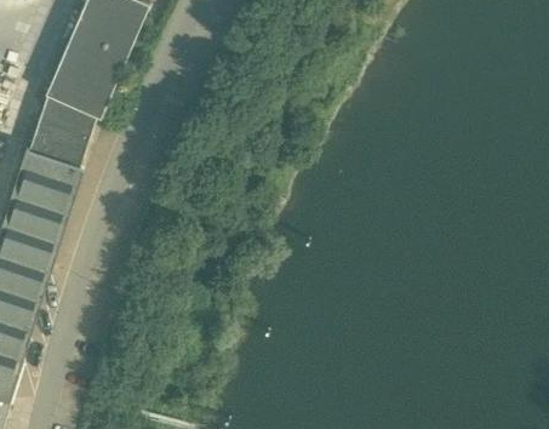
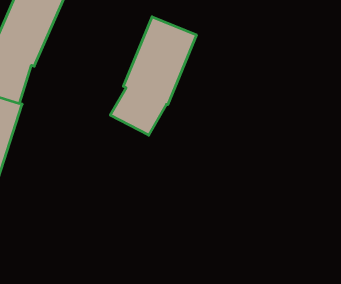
building: none -> [110,17,196,135]

